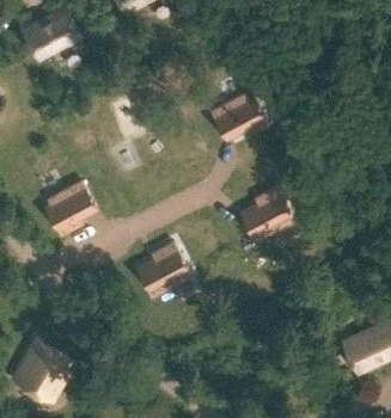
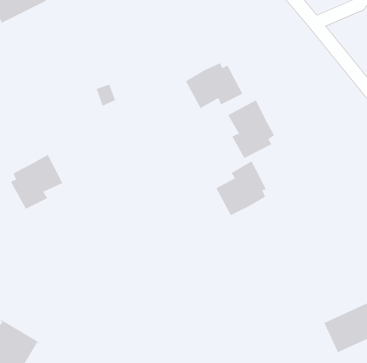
building: none -> [227,100,275,159]
building: [136,244,185,296] -> none

